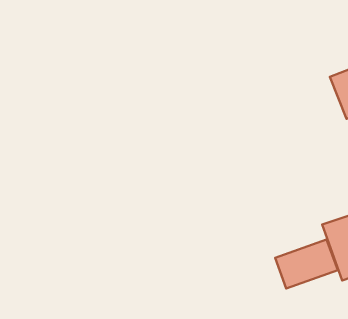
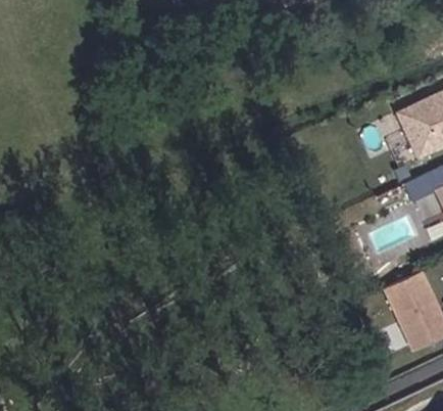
building: [275,240,338,288] -> none

